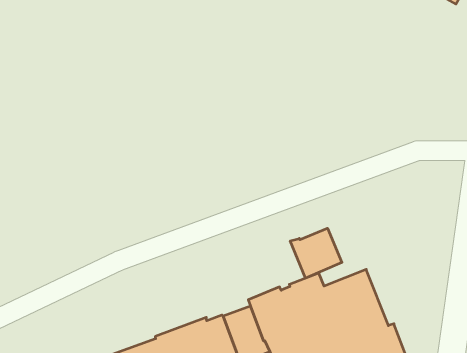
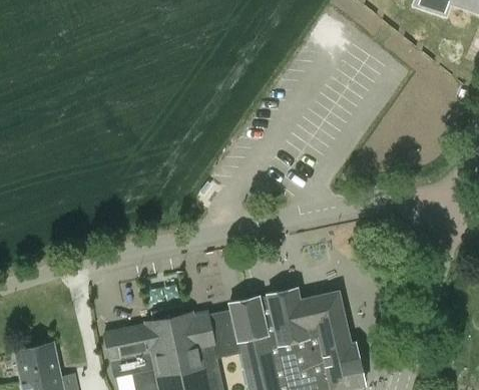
building: [290,228,342,278] -> none

